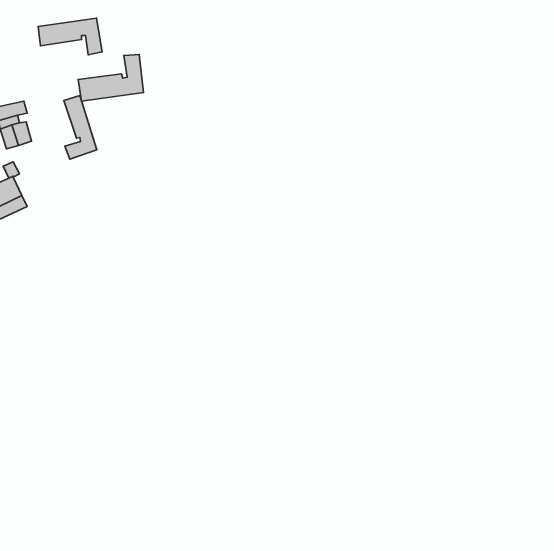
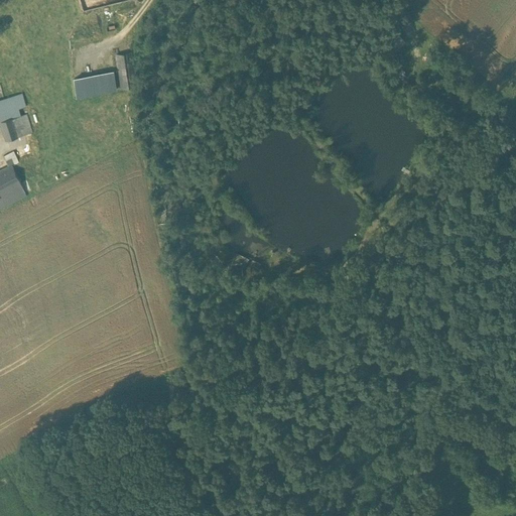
building: [38,18,102,55] -> none
building: [64,96,97,159] -> none

